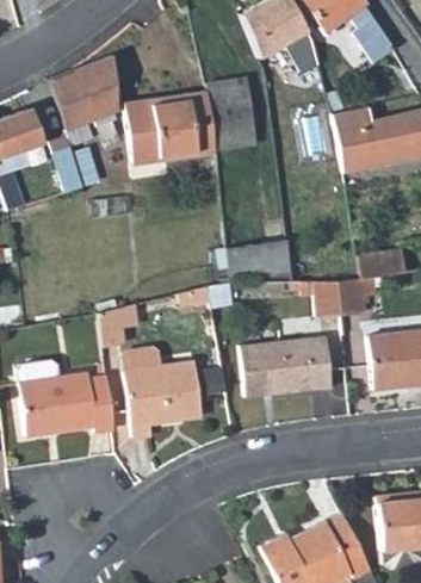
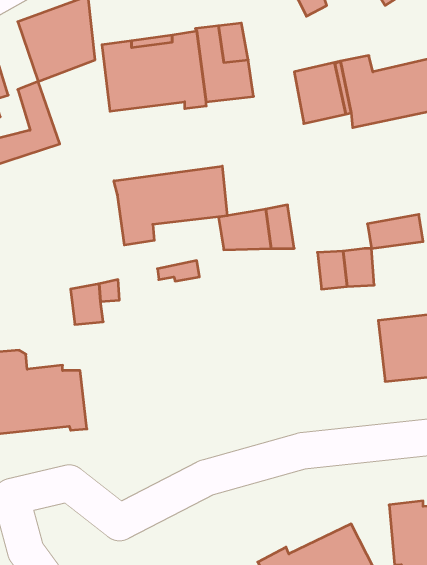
building: none -> [114,166,227,245]
building: [240,341,332,401] -> none
building: [124,345,204,432] -> none

